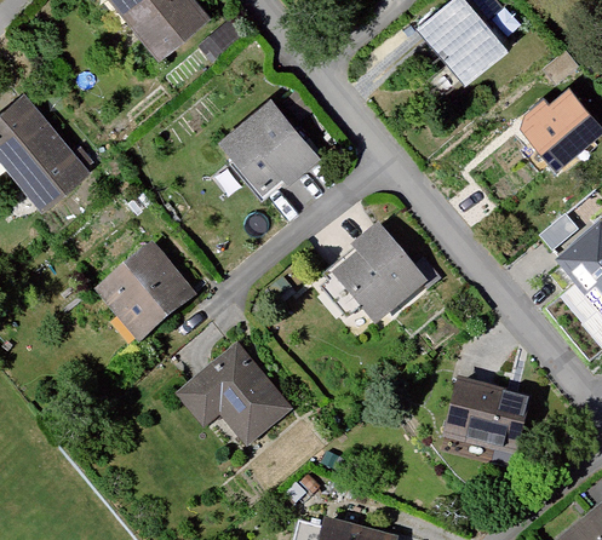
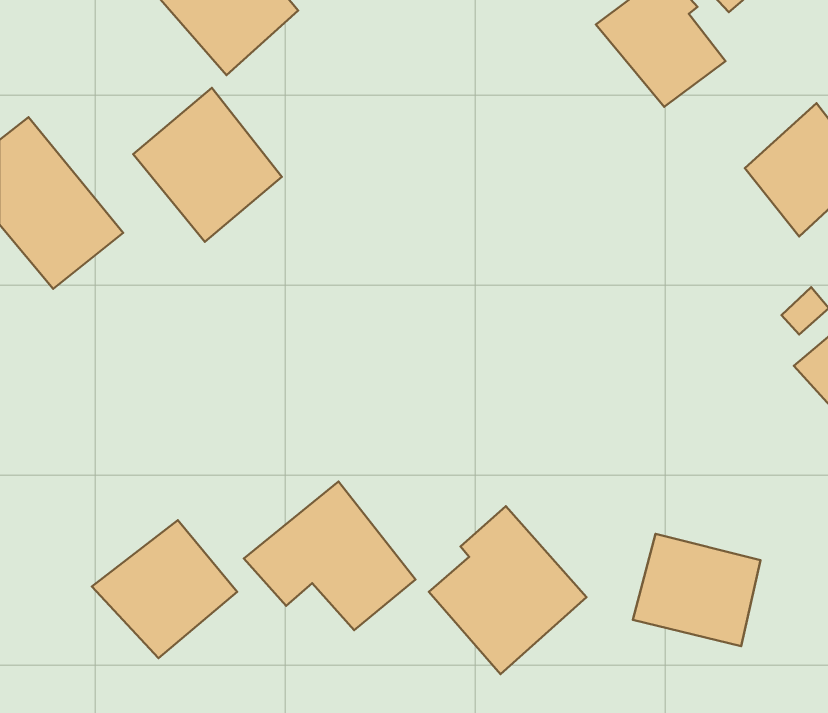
building: [216,96,319,202] -> [133,88,282,242]
building: [327,218,436,334] -> [429,506,586,674]
building: [93,247,194,343] -> [92,520,237,658]

